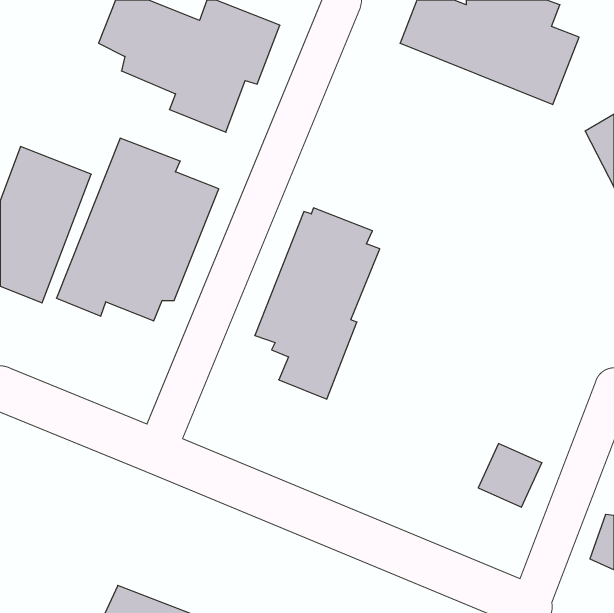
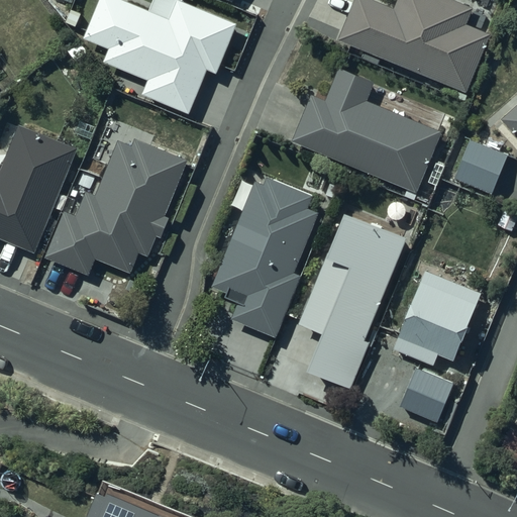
building: none -> [281,67,444,199]
building: none -> [453,137,509,194]
building: none -> [298,214,408,382]
building: none -> [394,276,486,374]

